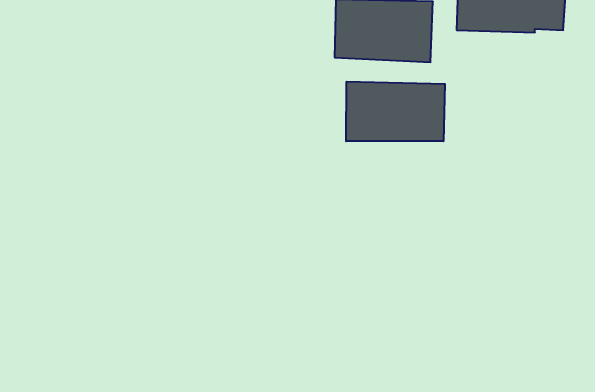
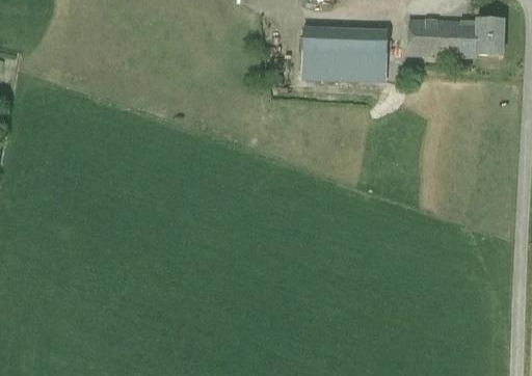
building: [346,82,445,141] -> none

